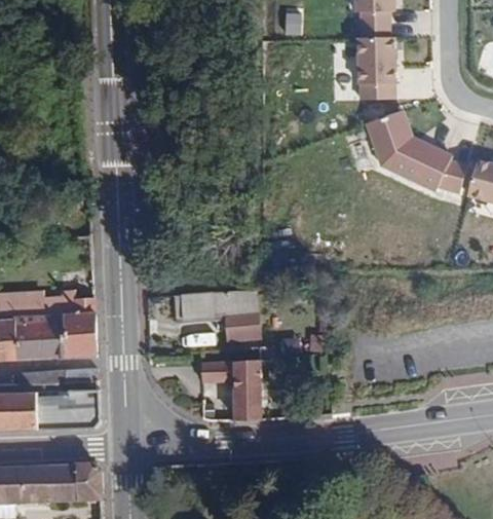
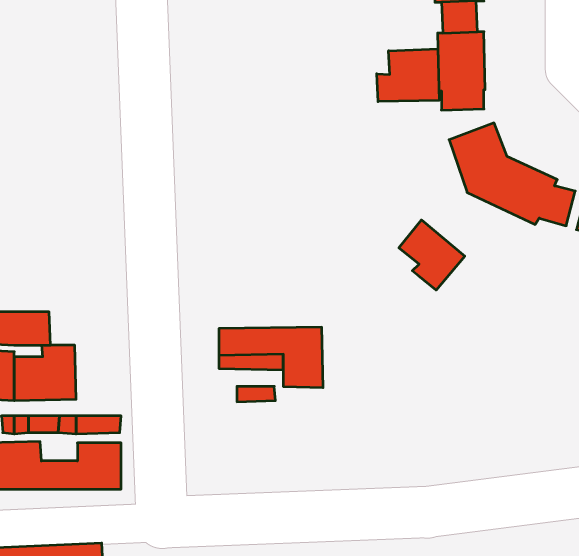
building: none -> [377,49,439,102]
building: none -> [399,220,465,290]
building: [63,288,101,345] -> none
building: [200,359,262,417] -> none

